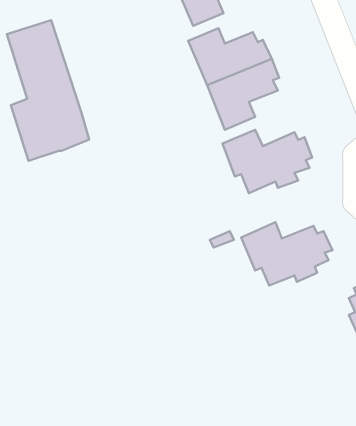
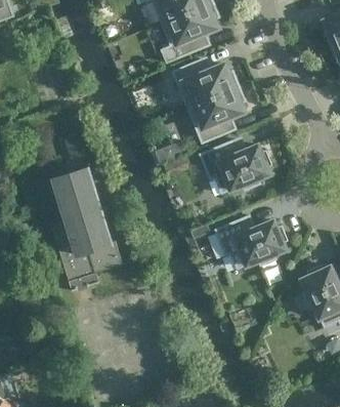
building: [7,20,89,161] -> [53,166,120,280]

